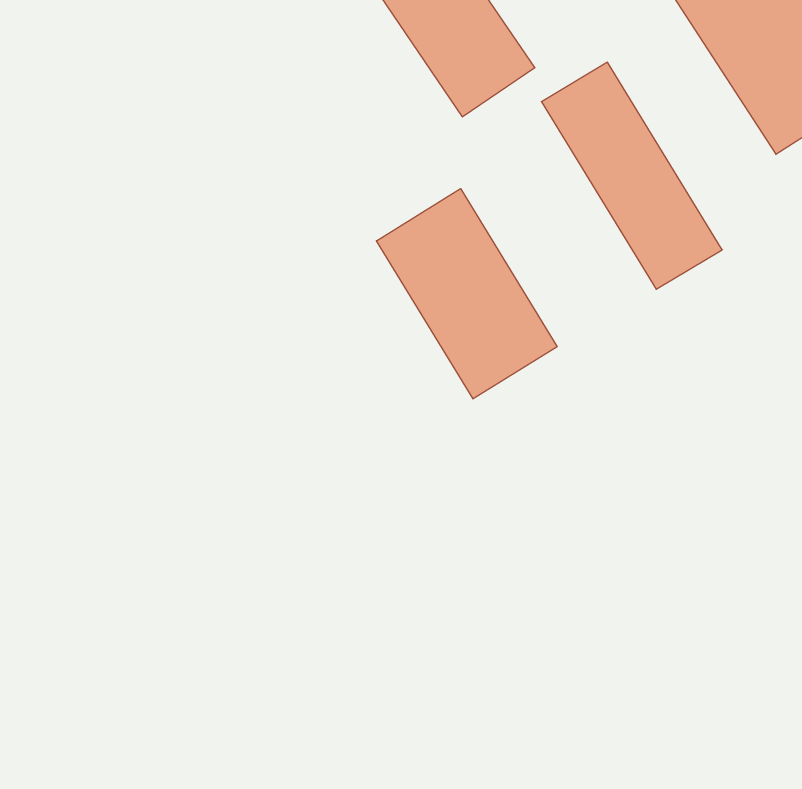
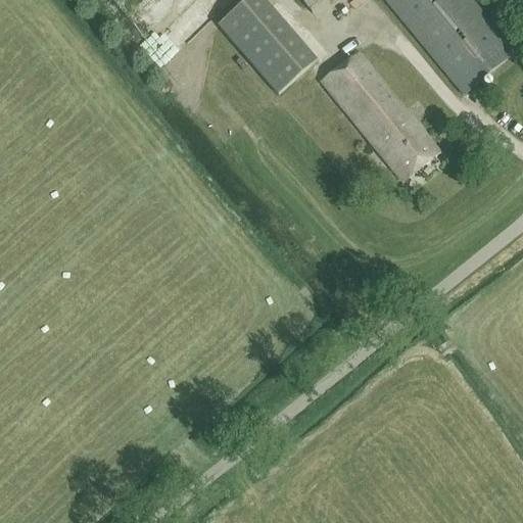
building: [376,189,557,399] -> none

